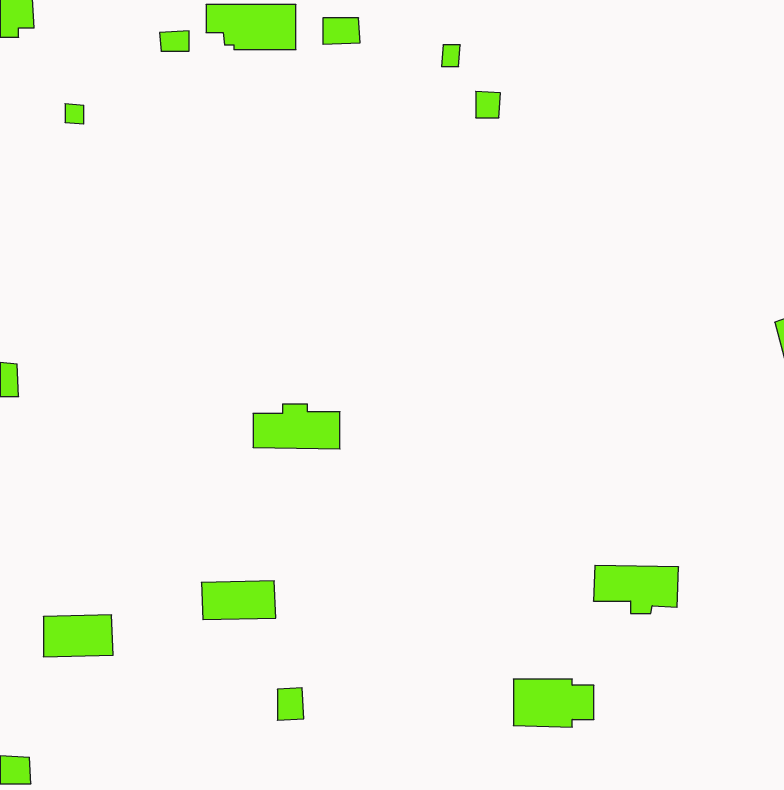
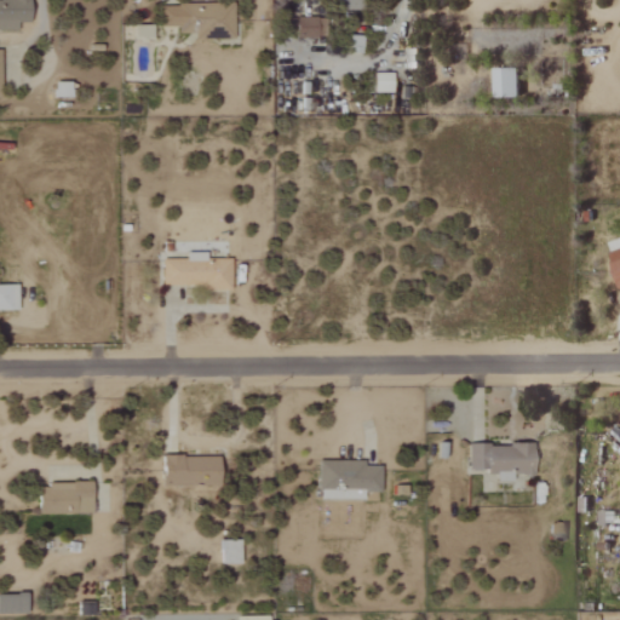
building: [323,18,360,44] -> [300,17,329,38]
building: none -> [496,68,521,97]
building: [253,404,340,449] -> [165,252,232,287]
building: [513,679,594,727] -> [321,460,384,498]

